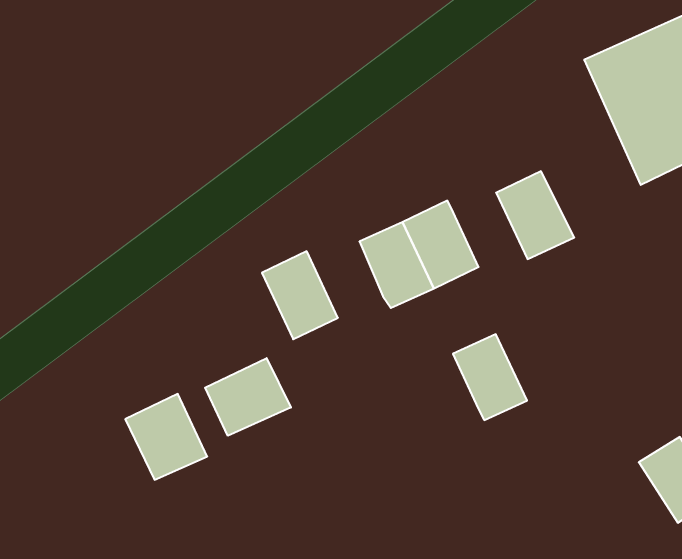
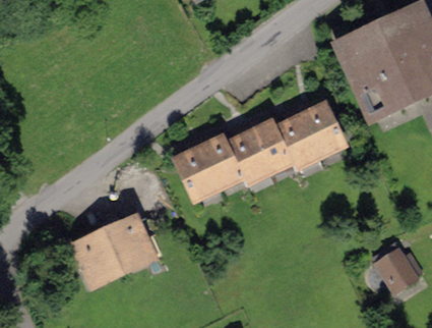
building: none -> [201,135,241,181]
building: [453,334,527,420] -> [277,116,316,161]
building: [205,358,291,436] -> none
building: none -> [79,234,122,278]

